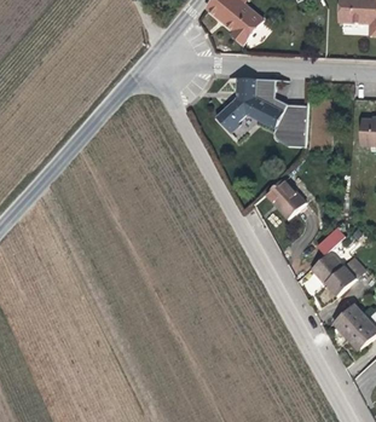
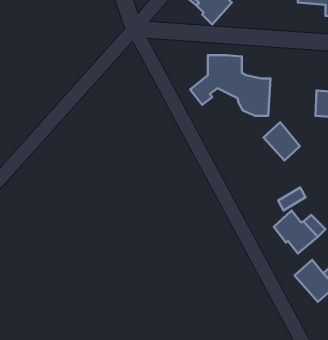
building: [265,177,305,219] -> [264,122,300,161]

